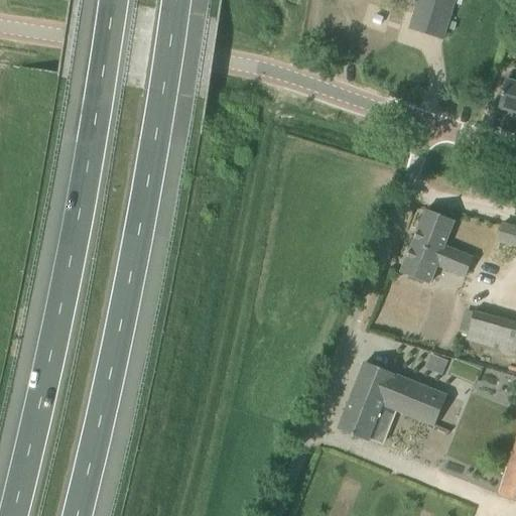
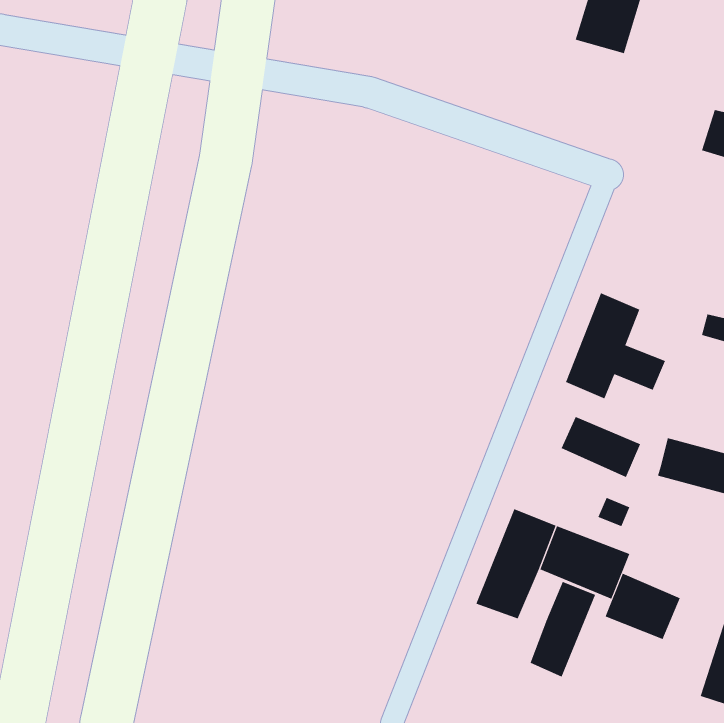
building: none -> [561,416,641,478]
building: none -> [605,573,680,640]
building: none -> [530,581,596,678]

